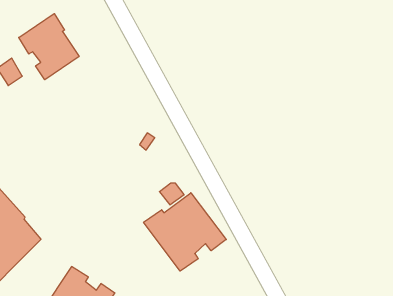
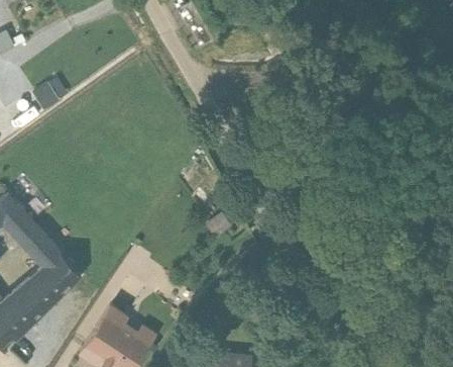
building: [19,14,79,80] -> none
building: [144,193,226,271] -> none

